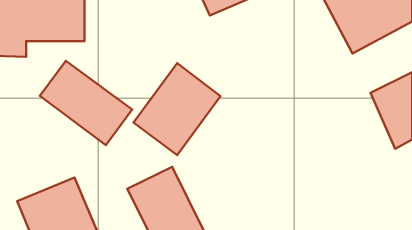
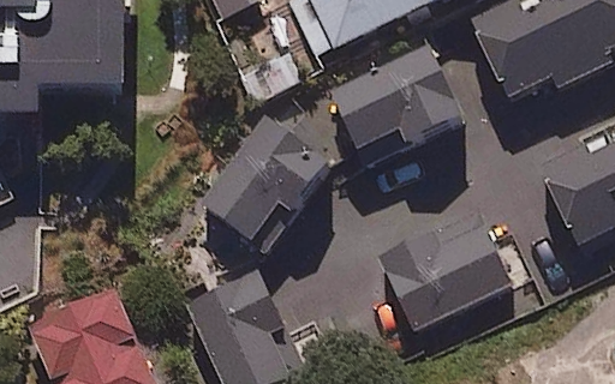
building: none -> [334,49,460,162]
building: [40,61,132,145] -> none
building: none -> [380,211,508,326]

